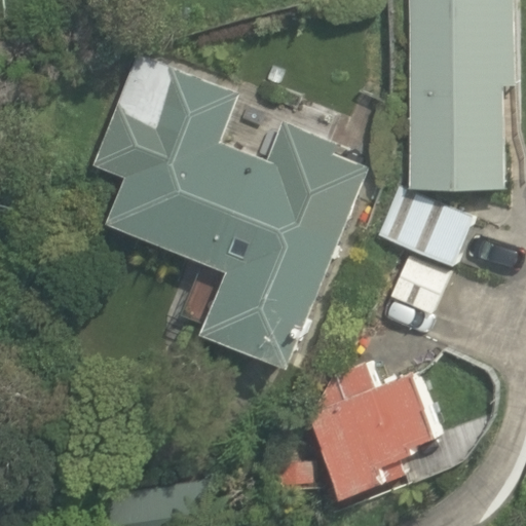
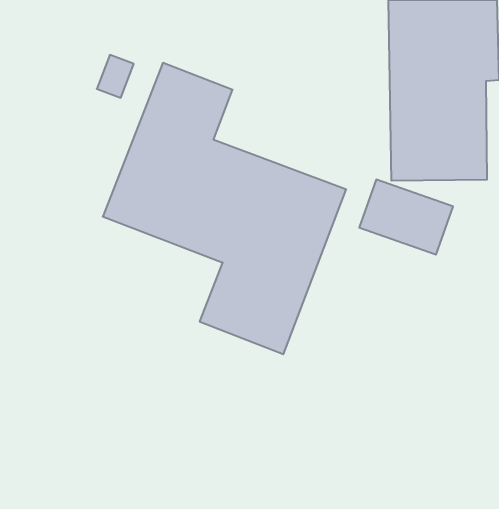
building: [309,366,434,498] -> none

